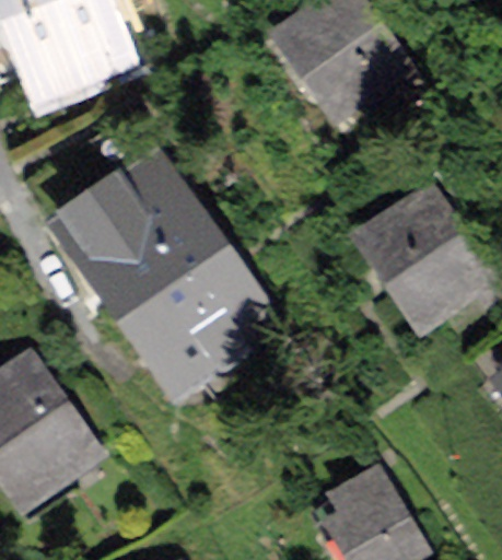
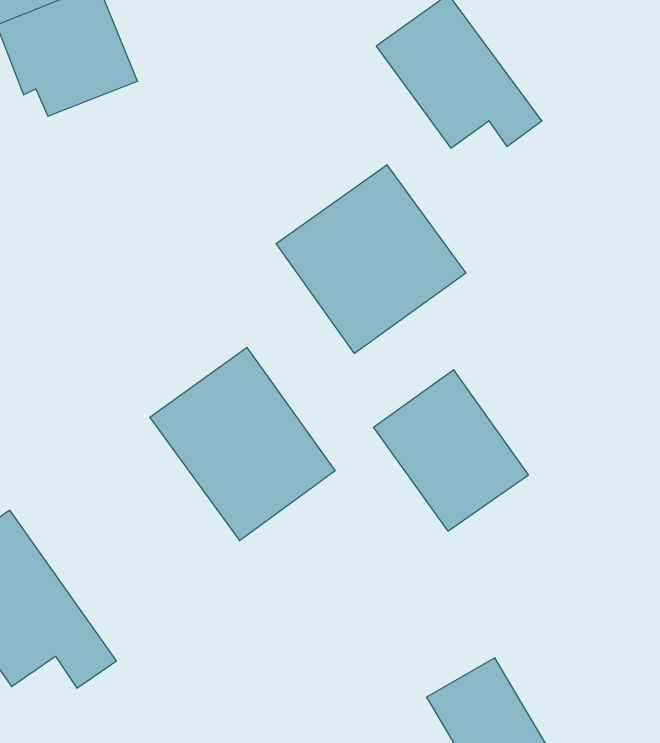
building: none -> [276,165,466,353]
building: [70,126,195,301] -> none
building: [370,198,481,314] -> [373,370,528,531]

